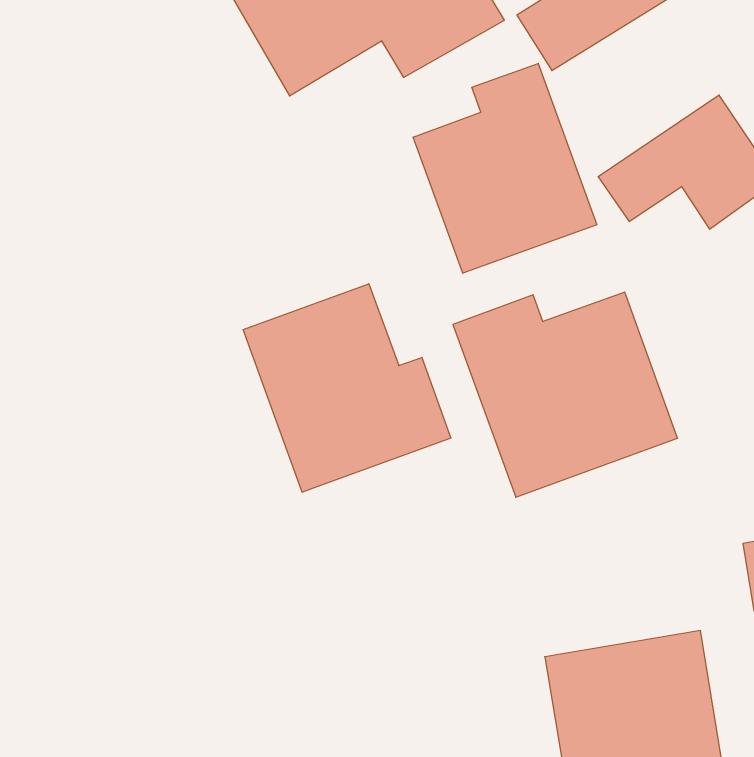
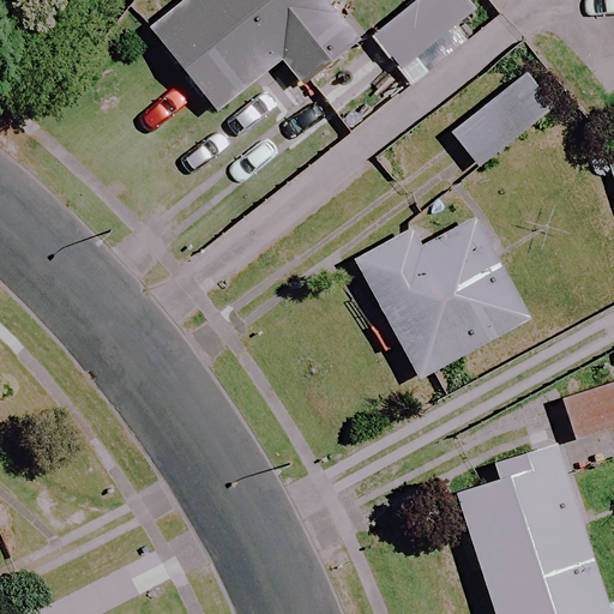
building: [413,63,597,273] -> none
building: [243,284,451,492] -> none

